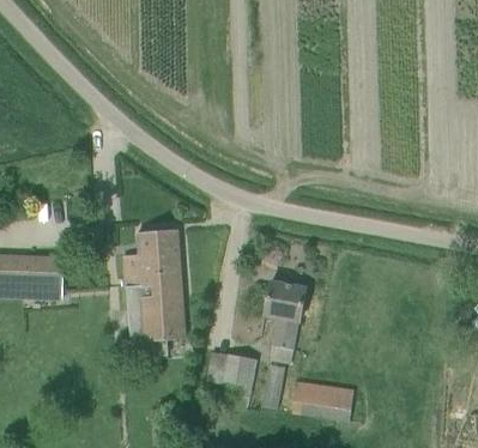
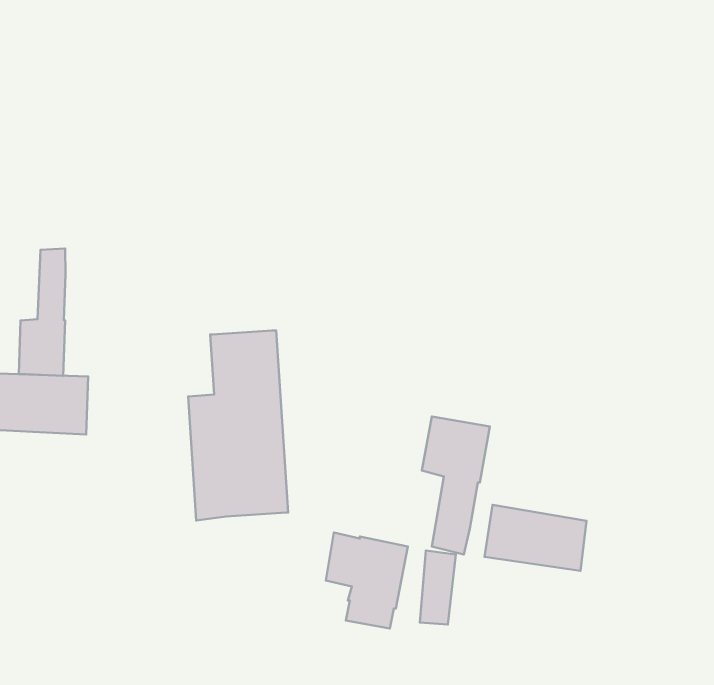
building: none -> [19,249,65,376]
building: [292,381,353,420] -> [485,505,586,571]

